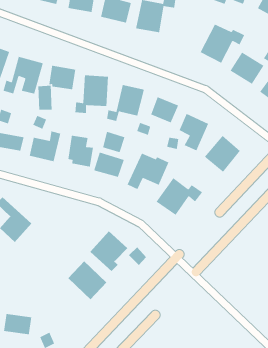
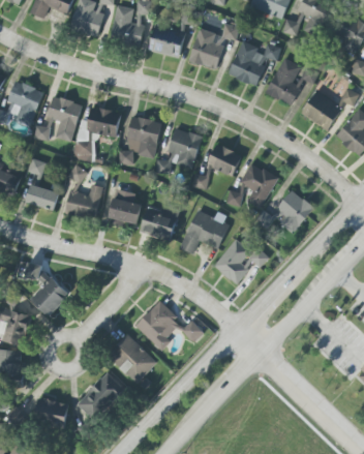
building: none -> [226,41,280,87]
building: [102,131,125,153] -> none
building: none -> [75,371,125,421]

